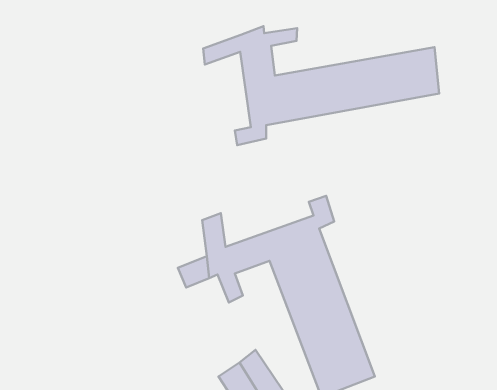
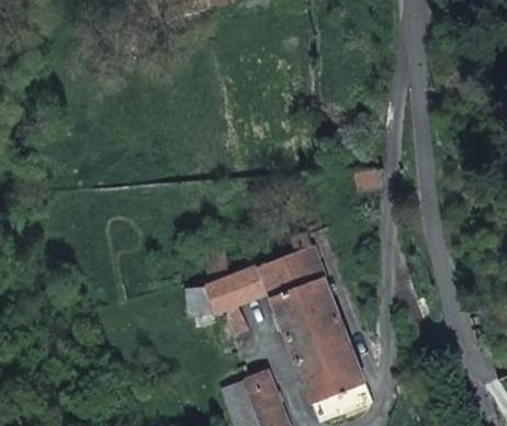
building: [203,26,439,145] -> none

